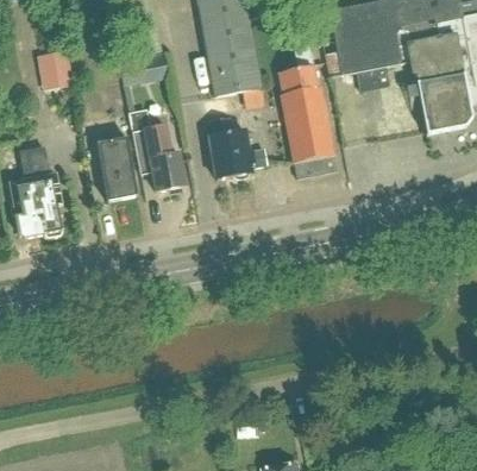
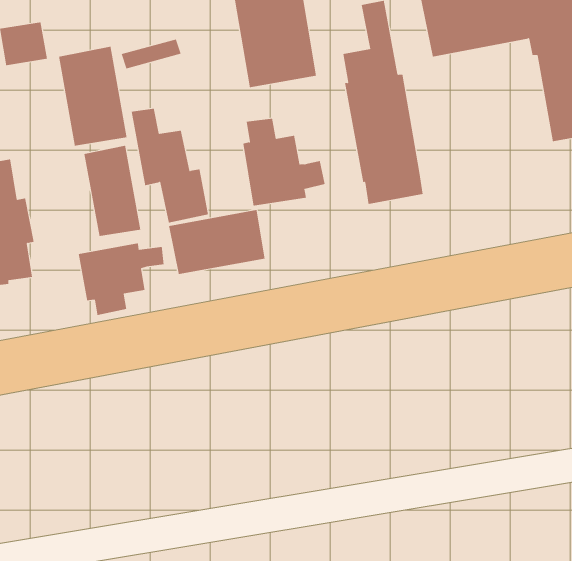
building: none -> [58,46,127,147]
building: none -> [169,209,265,275]
building: none -> [78,243,164,316]

